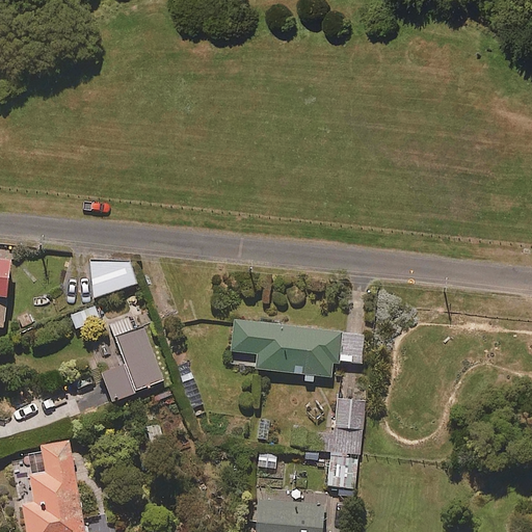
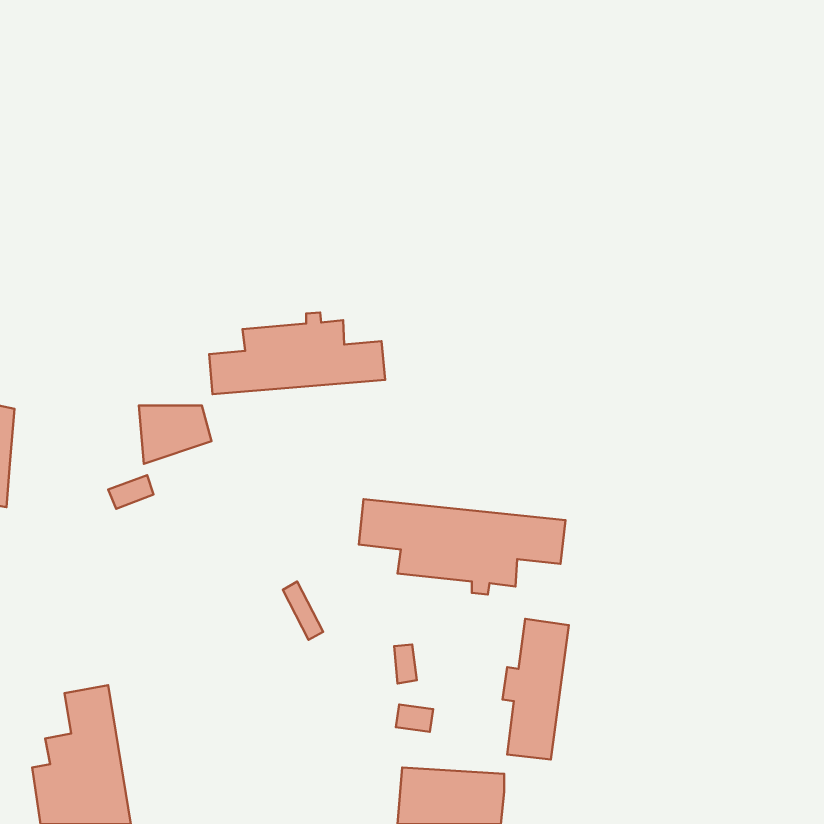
building: none -> [209,312,385,394]
building: [103,315,163,399] -> none

